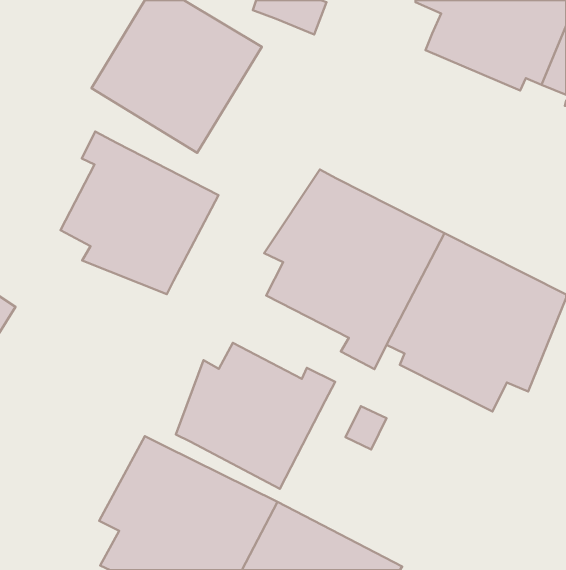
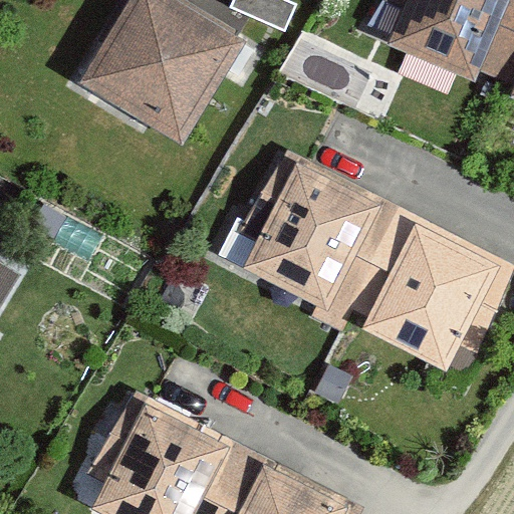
building: [60,131,219,294] -> none
building: [176,343,335,489] -> none

